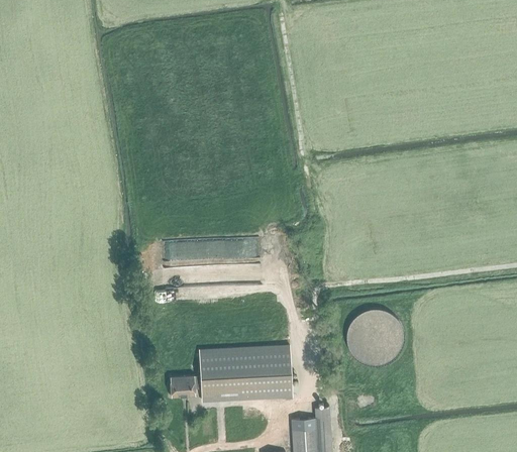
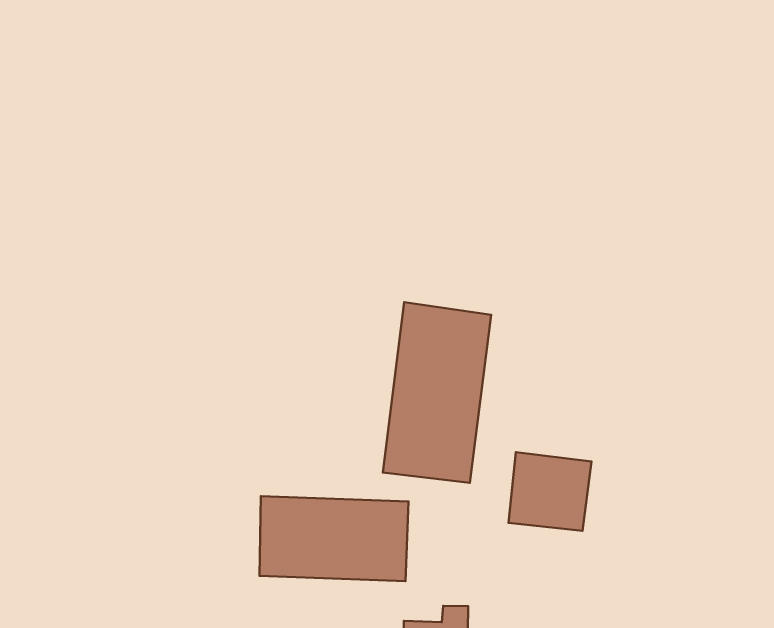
building: none -> [383,302,491,483]
building: [170,376,194,397] -> none

